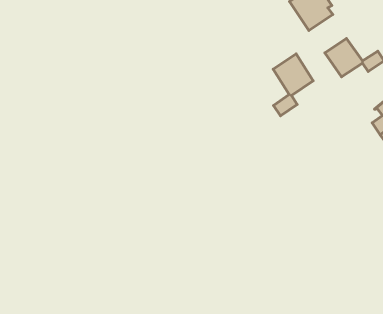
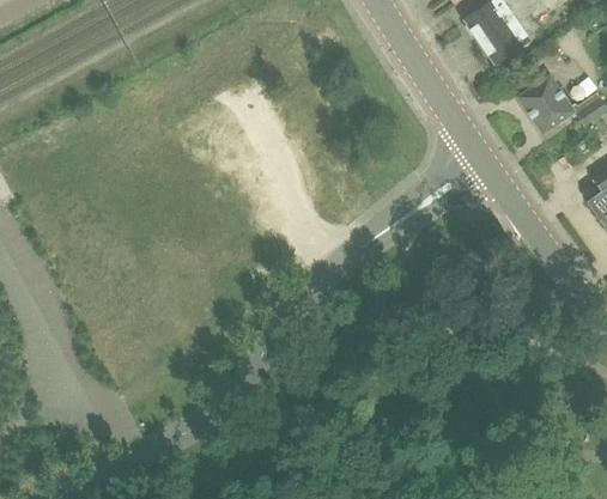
building: [273,54,313,116] -> none

